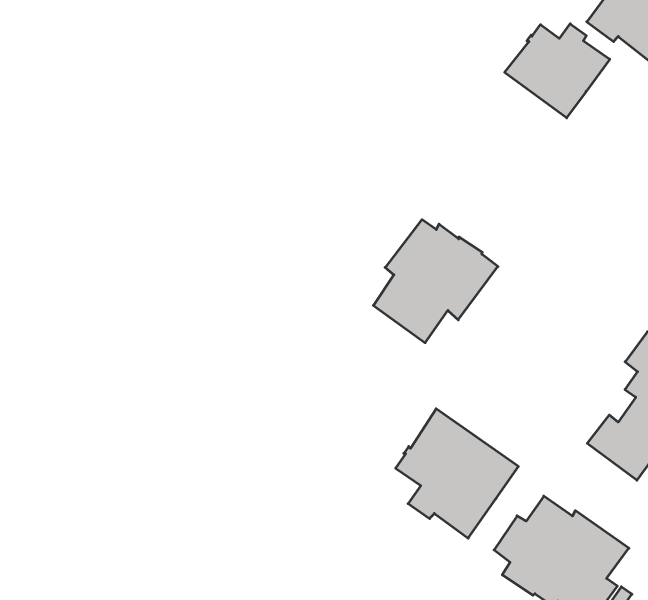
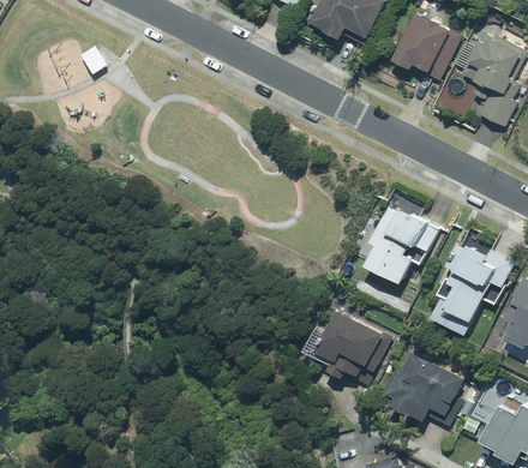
building: [505,24,610,118] -> none
building: [373,220,498,343] -> [366,206,438,281]

